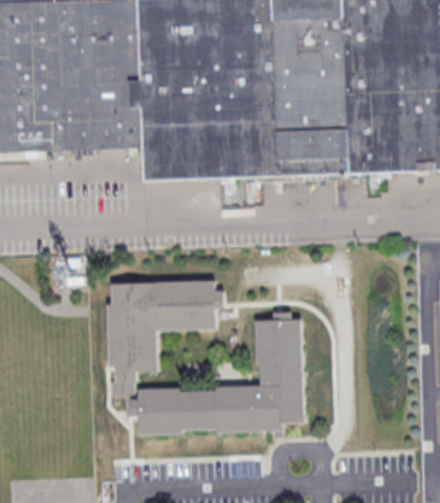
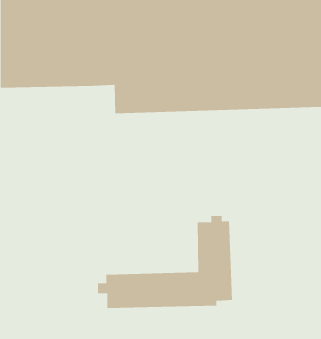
building: [110,280,225,396] -> none

